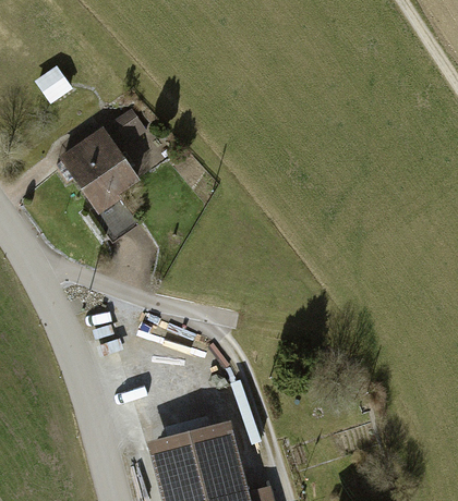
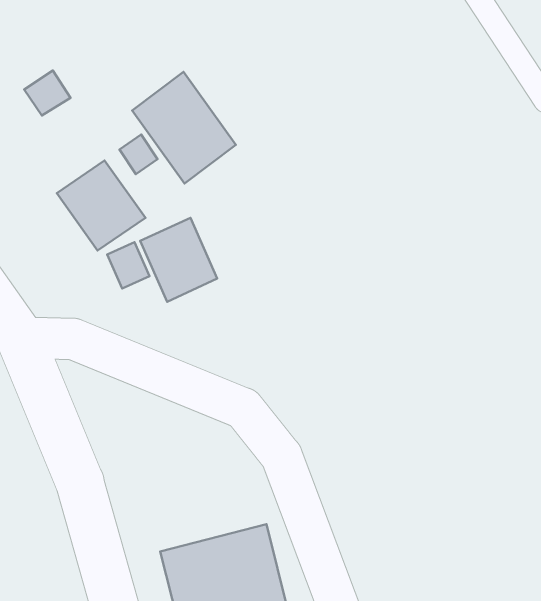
building: none -> [132,72,236,183]
building: none -> [140,218,217,302]

